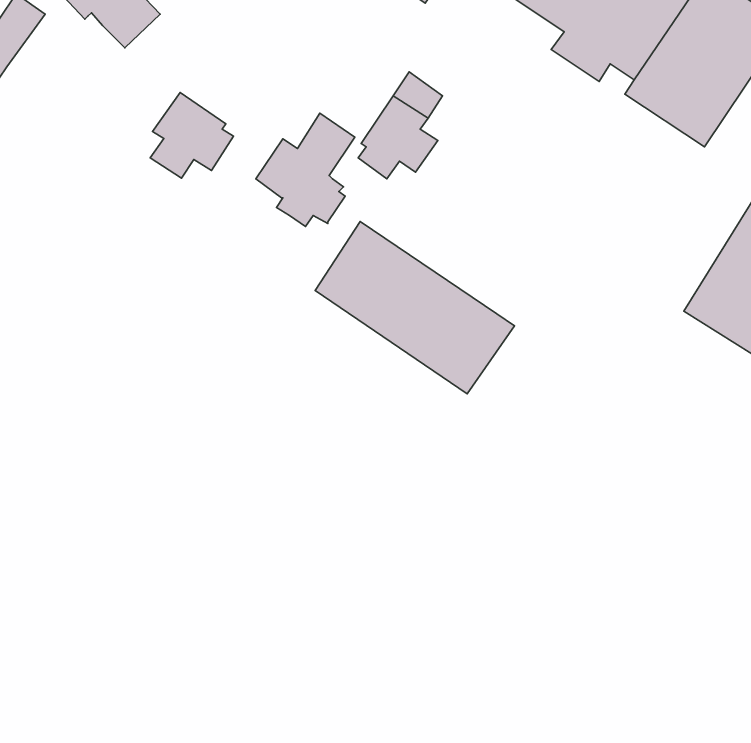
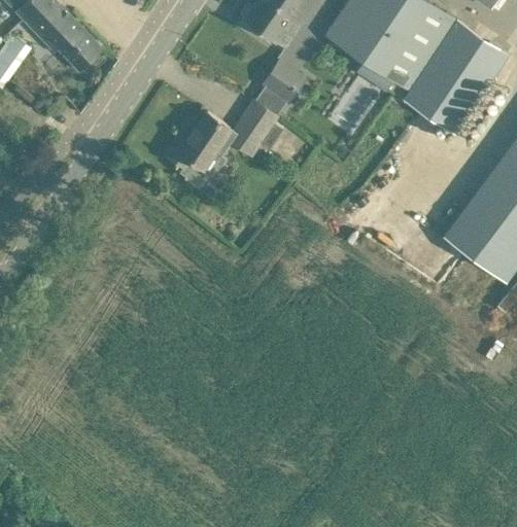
building: none -> [263,62,306,104]
building: [150,93,233,178] -> none
building: [315,221,515,394] -> none

